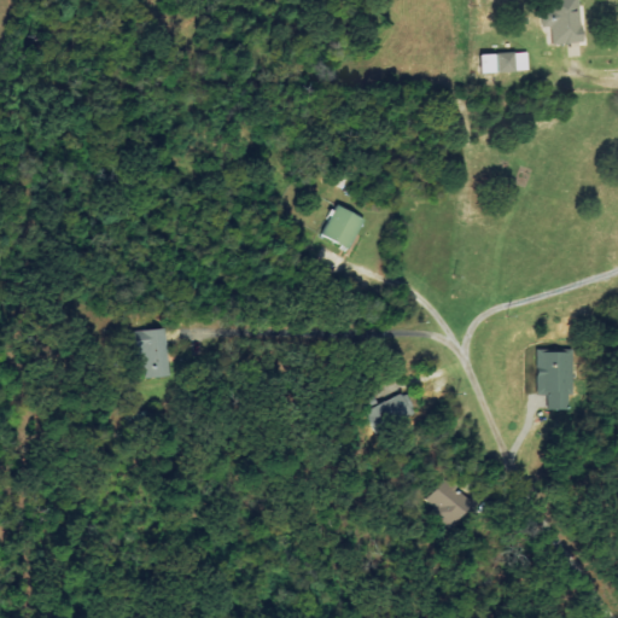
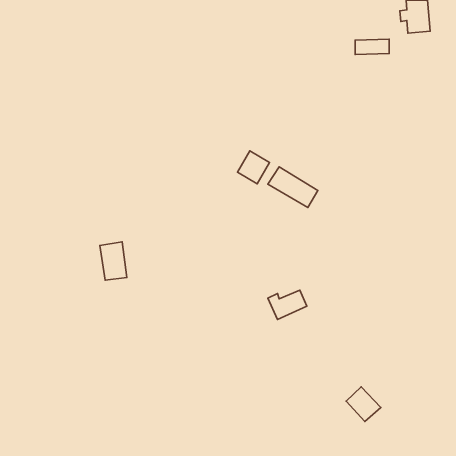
building: none -> [268,167,318,208]
building: [536,350,572,407] -> none
building: [426,479,473,526] -> [346,387,381,422]

